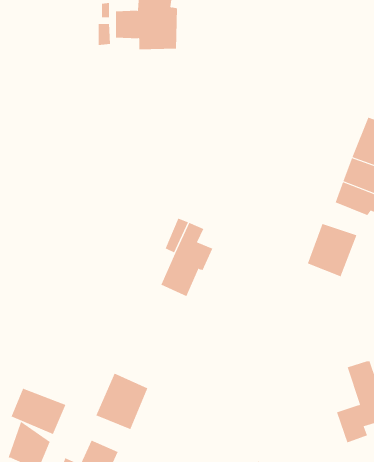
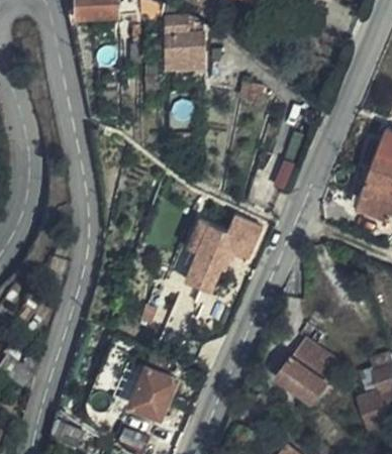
building: none -> [222,217,265,258]
building: [307,223,357,277] -> none
building: none -> [270,340,333,404]
building: [11,388,66,435] -> none

